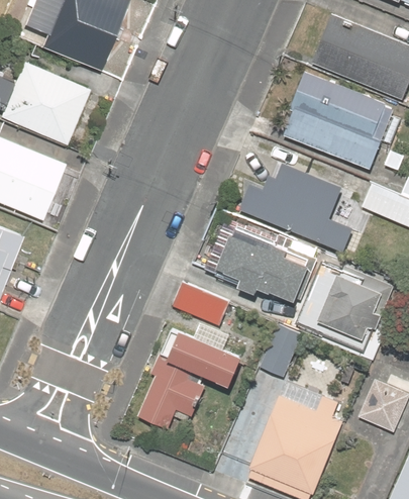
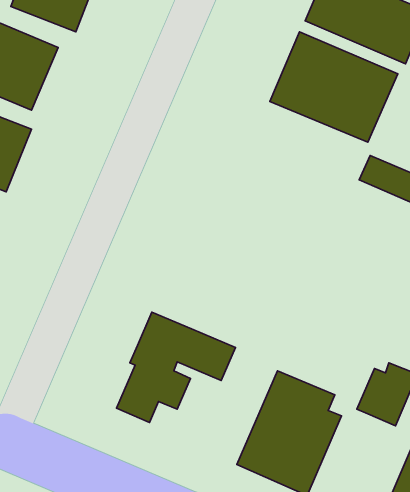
building: [241,162,354,254] -> none
building: [219,227,315,303] -> none
building: [317,265,392,350] -> none
building: [171,281,229,327] -> none
building: [258,321,302,378] -> none

